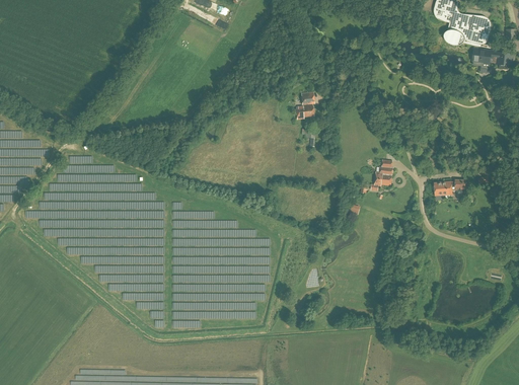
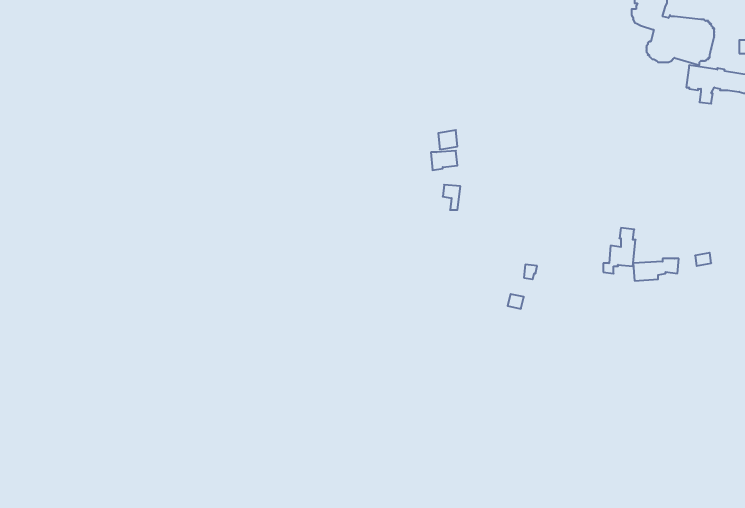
building: [371,159,393,190] -> [603,228,636,274]

